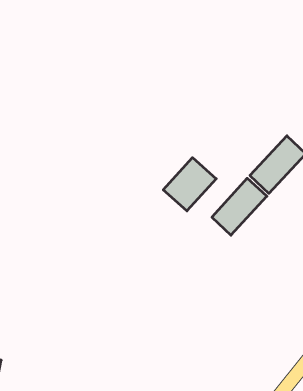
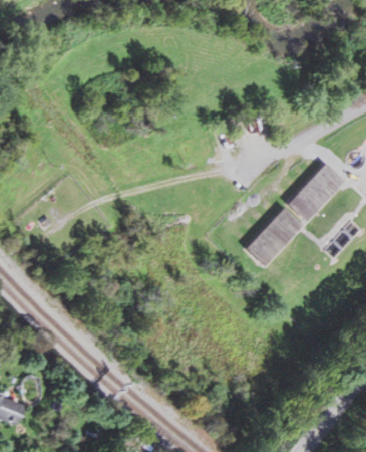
building: [163,158,216,211] -> none

